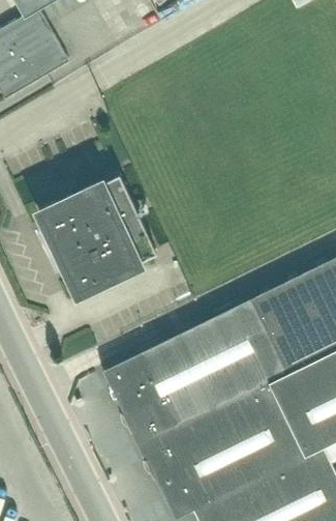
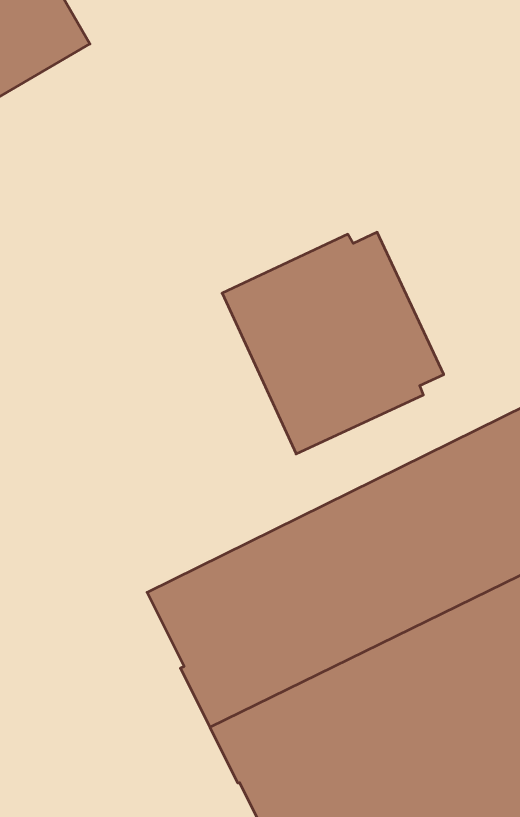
building: [33,175,157,299] -> [222,232,444,454]

